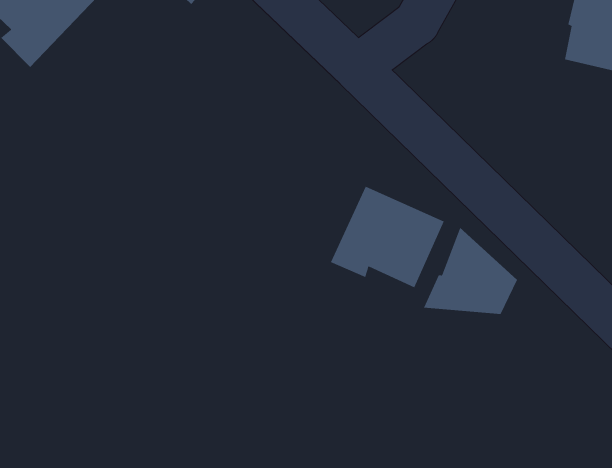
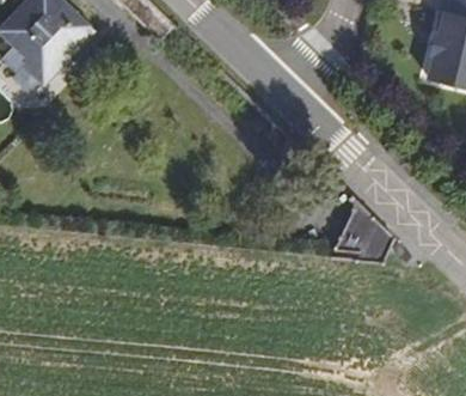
building: [330,186,445,288] -> none

